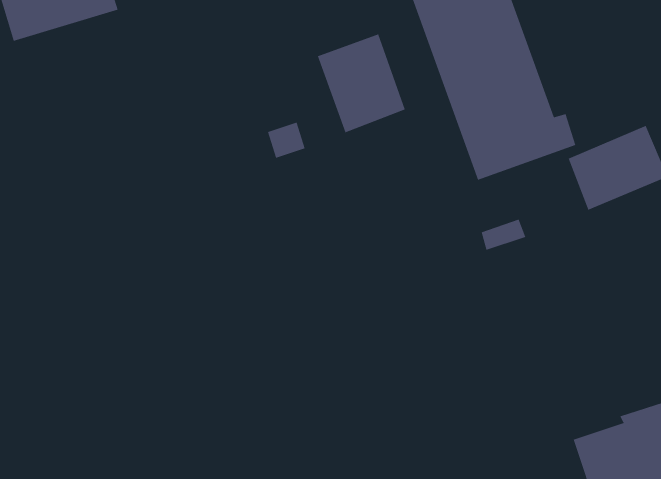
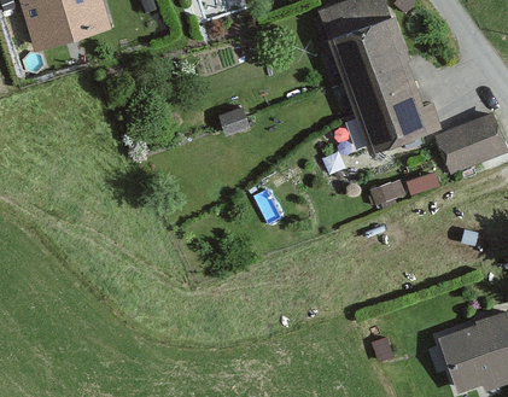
building: [317,34,406,133] -> none

